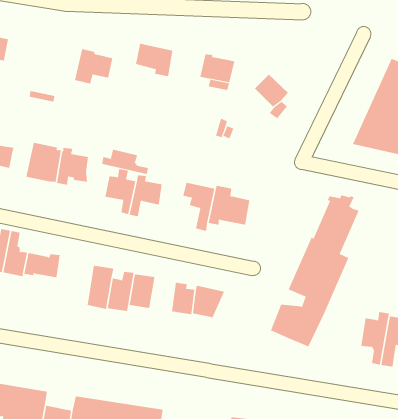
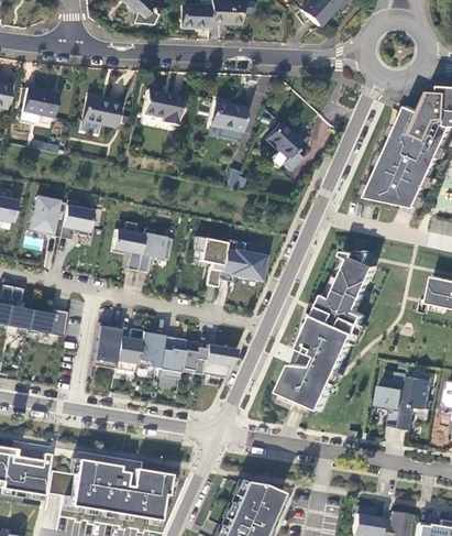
building: none -> [21,88,58,122]
building: [101,149,149,175] -> none
building: none -> [157,336,185,379]

